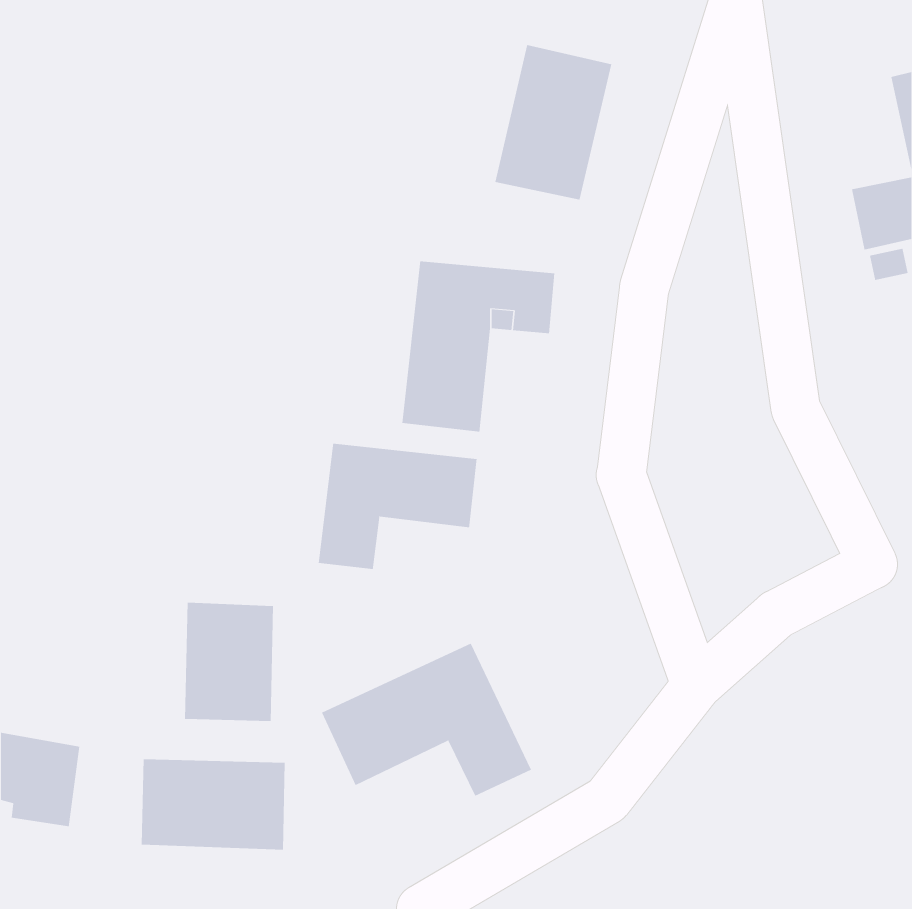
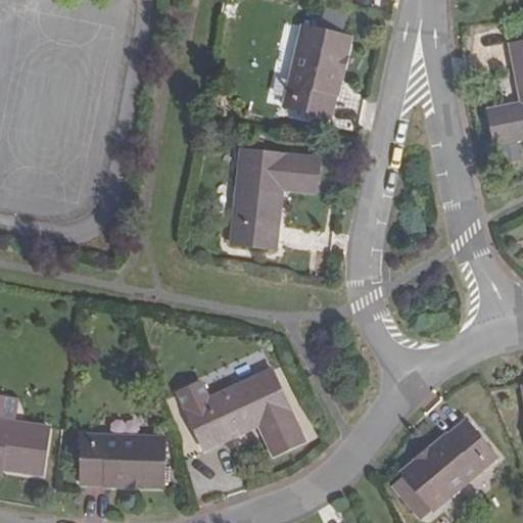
building: [318,443,477,570] -> none
building: [184,602,274,722] -> none
building: none -> [391,418,495,513]

